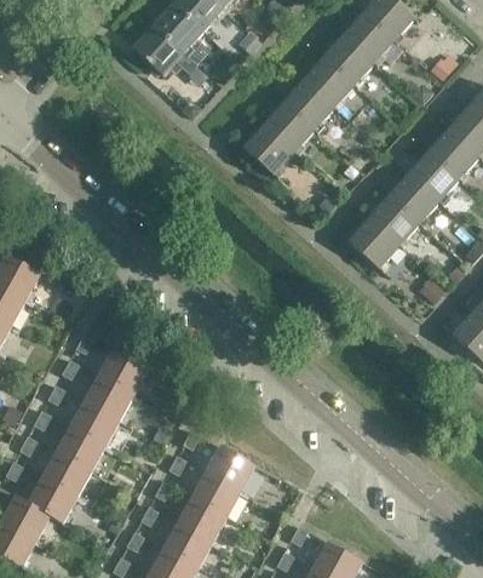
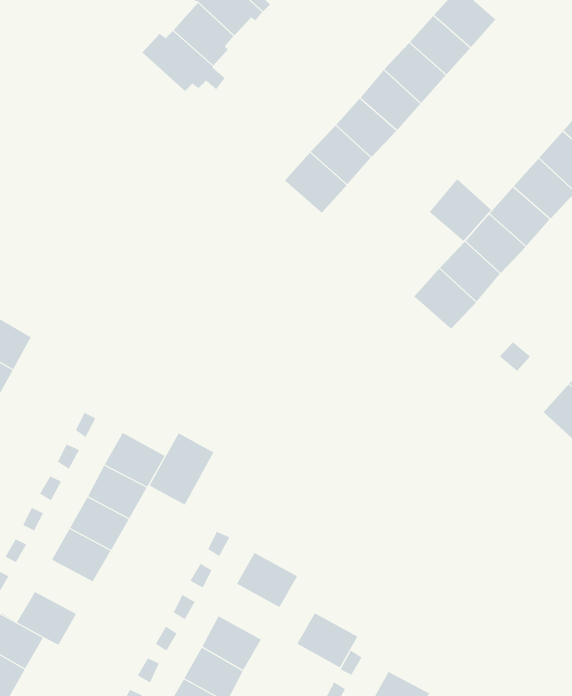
building: none -> [429,179,492,242]
building: none -> [149,433,214,505]
building: [42,452,90,496] -> none
building: [190,471,240,516] -> [296,612,358,668]

